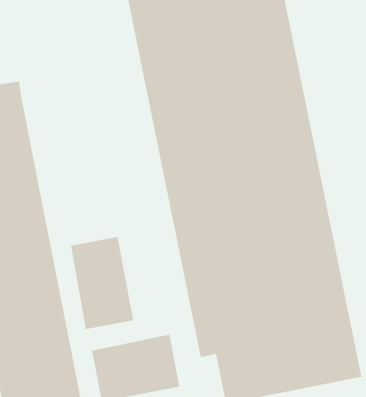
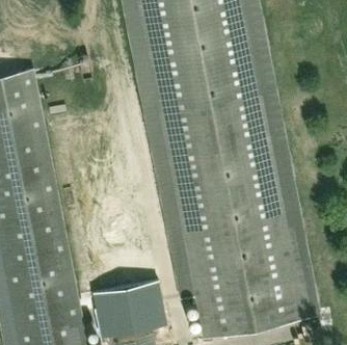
building: [70,236,134,330] -> none

